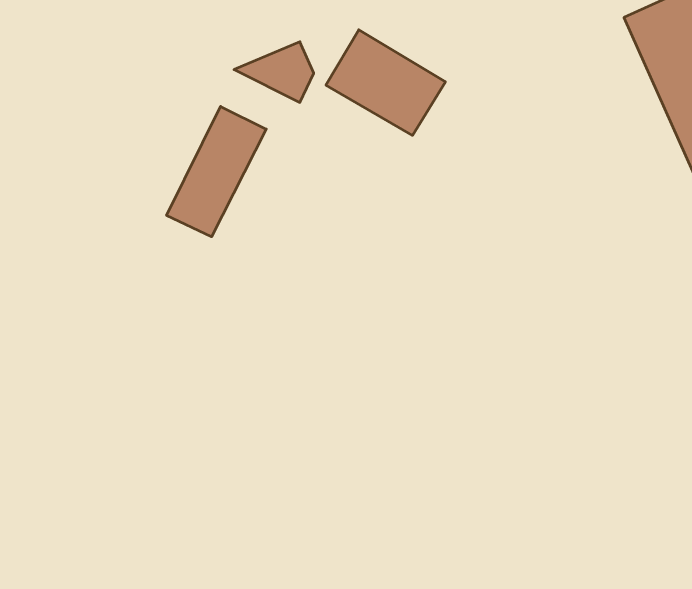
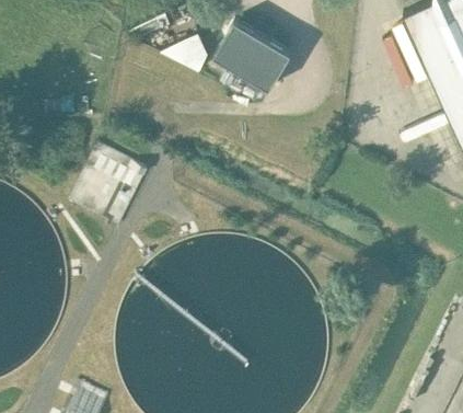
building: [167,106,266,237] -> none

